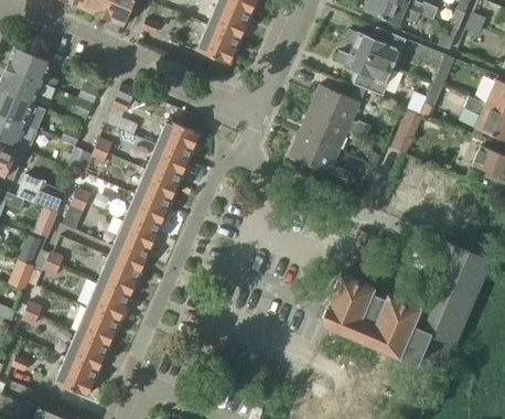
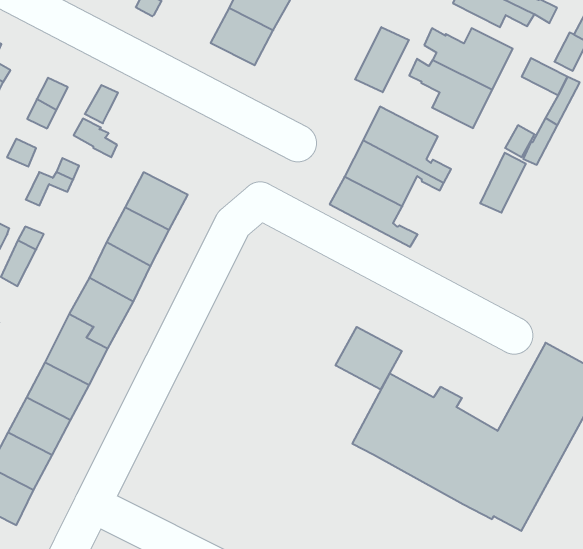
building: none -> [355,27,409,92]
building: [157,119,200,158] -> none
building: none -> [336,327,402,389]

